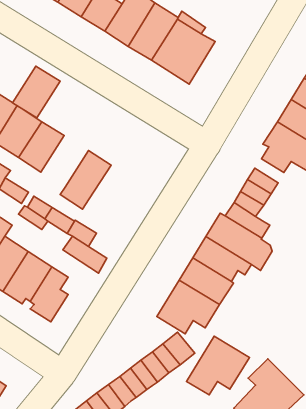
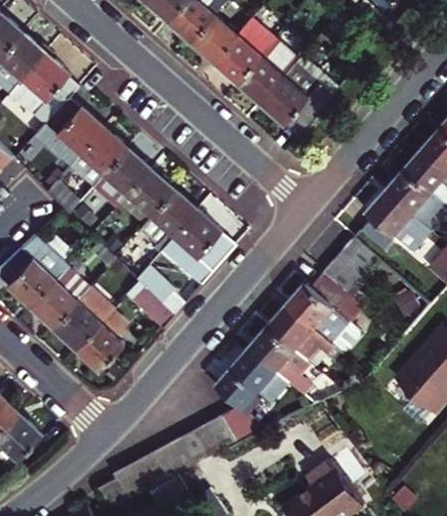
building: [13,66,60,118] -> [117,167,173,225]
building: none -> [165,209,235,282]
building: [186,336,249,395] -> none

